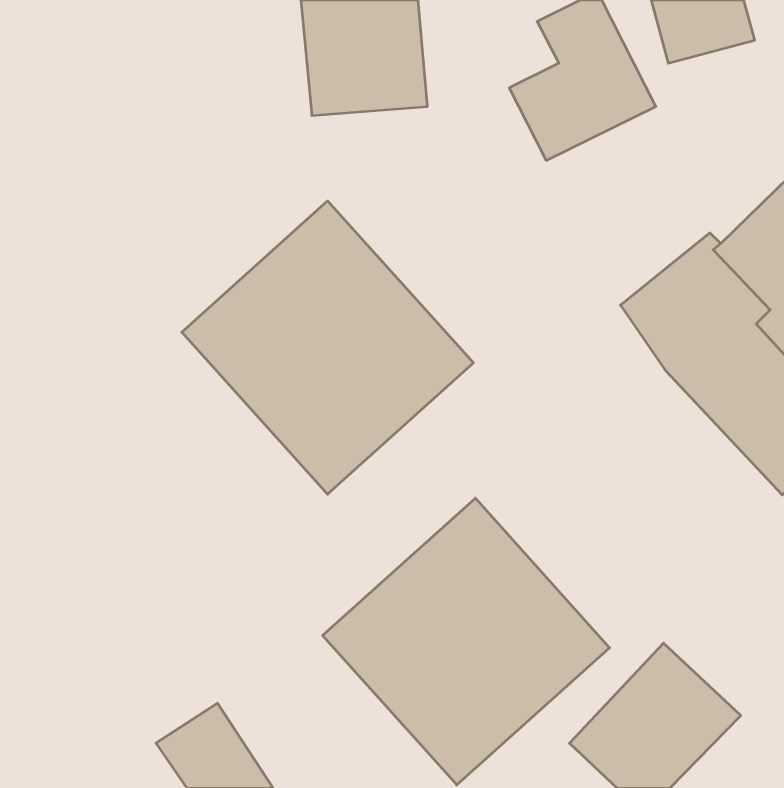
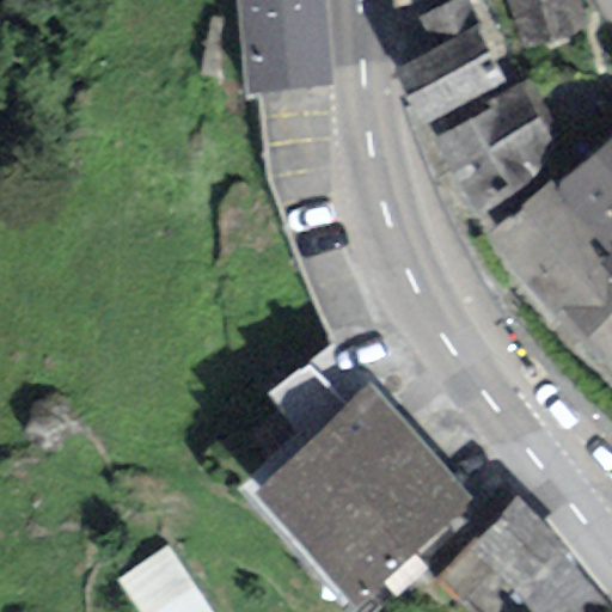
building: none -> [436,81,574,216]
building: [182,201,473,494] -> none

